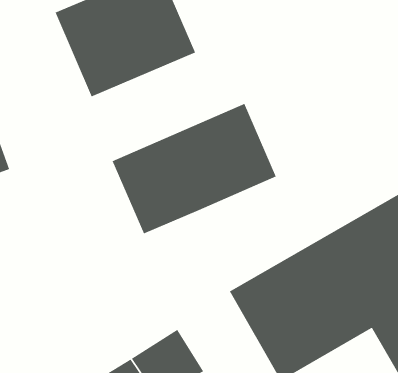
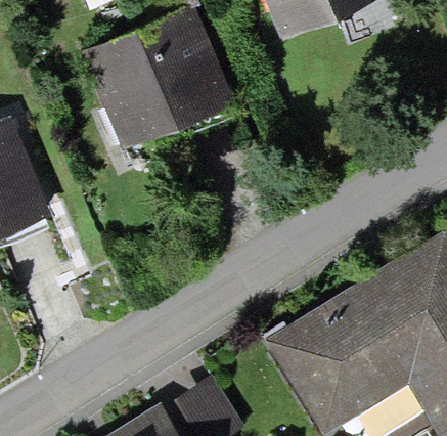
building: [112,103,277,235] -> none

